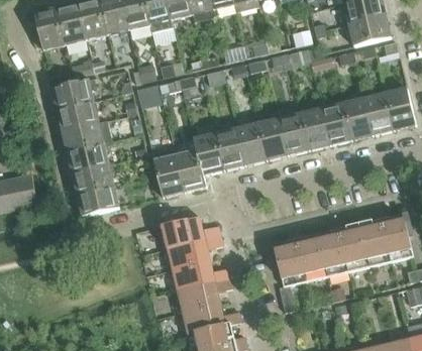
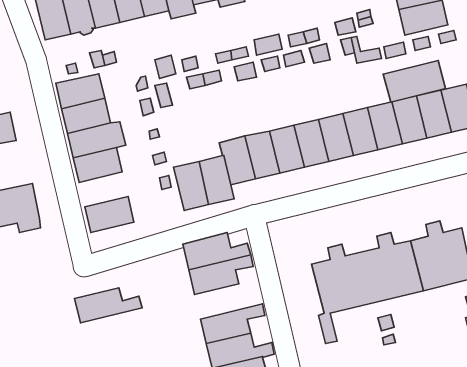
building: none -> [383,60,446,102]
building: [72,163,114,194] -> none
building: [172,260,230,290] -> [75,288,142,323]

